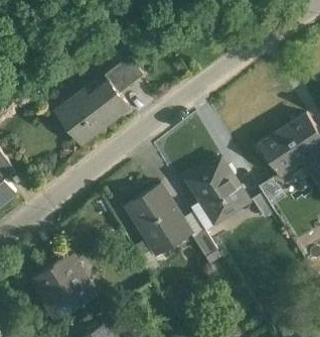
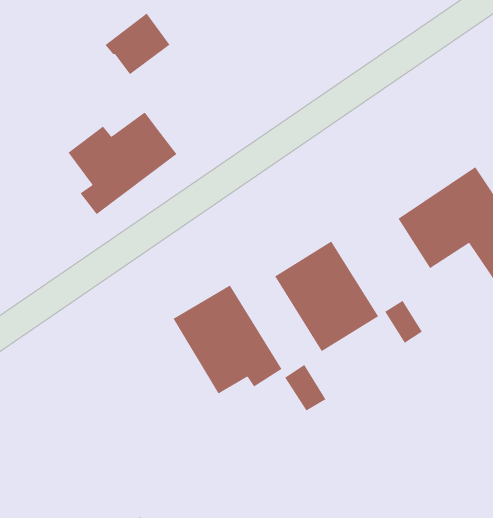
building: [104,55,143,93] -> [104,13,170,75]
building: [37,253,97,316] -> none

